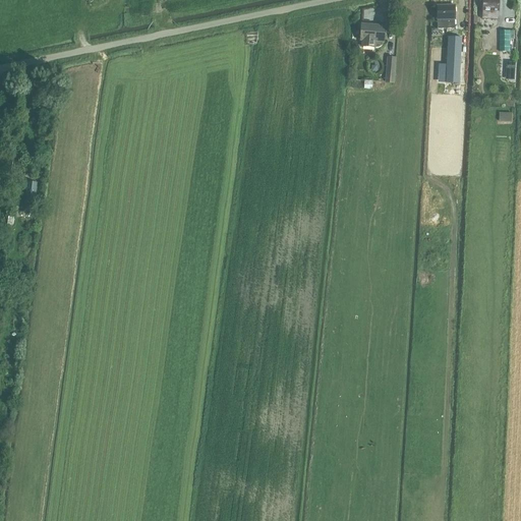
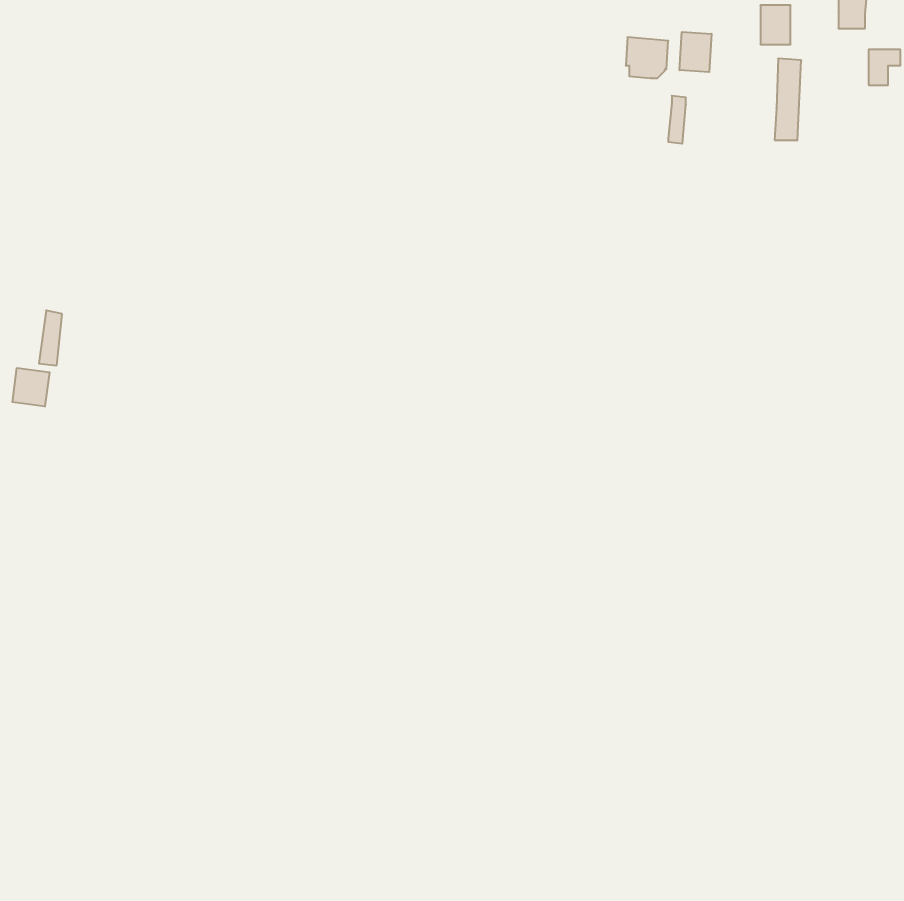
building: none -> [680,32,712,72]
building: none -> [12,368,50,407]

